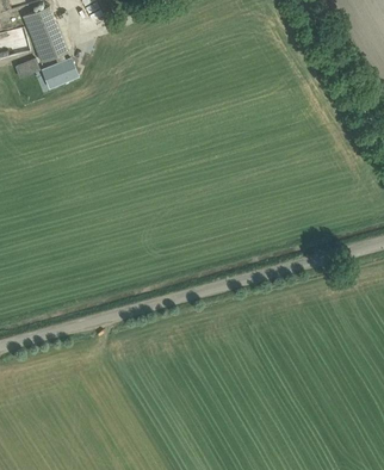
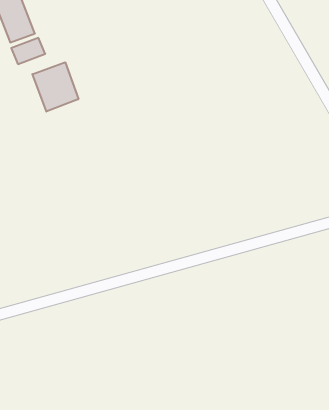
building: none -> [32,62,78,112]

